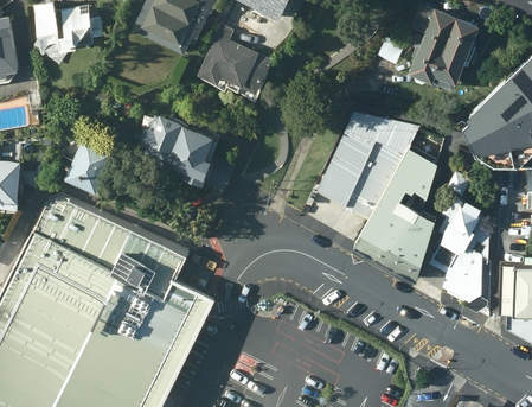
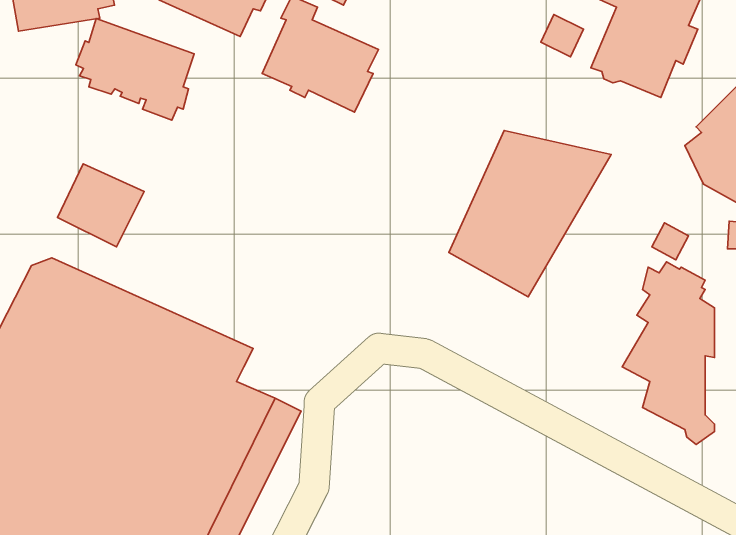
building: [140,113,216,178] -> [76,19,194,120]
building: [354,151,436,282] -> none

